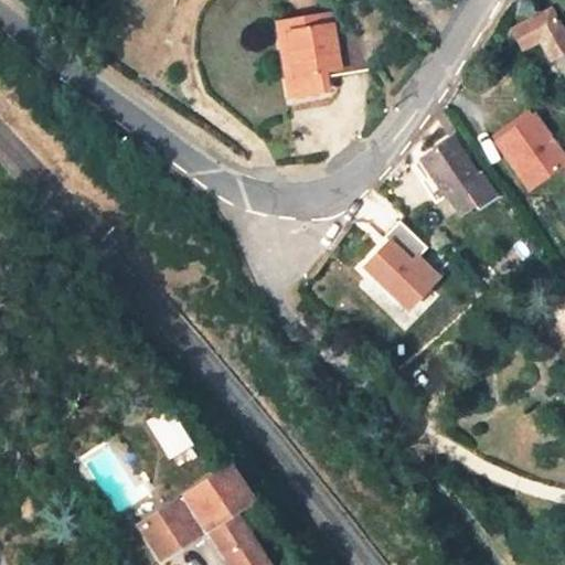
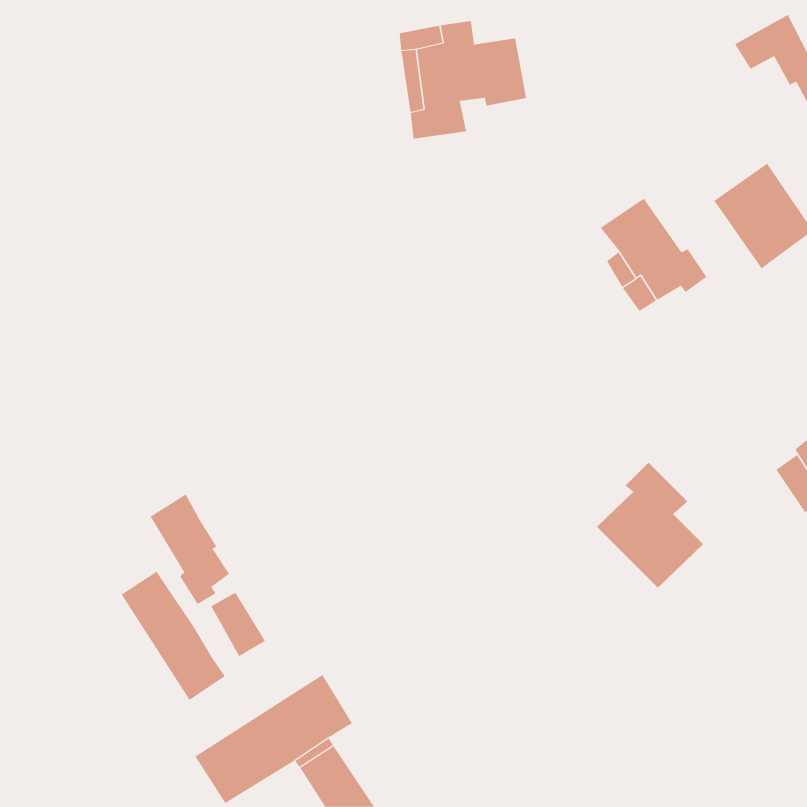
building: [365,220,440,308] -> [596,462,704,589]
building: none -> [150,493,230,605]
building: none -> [121,571,226,701]

